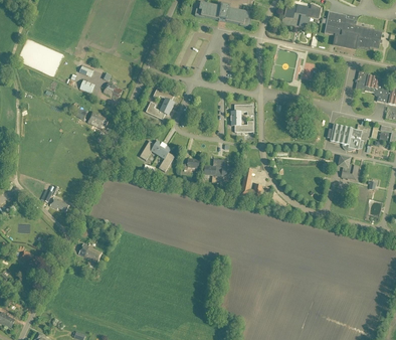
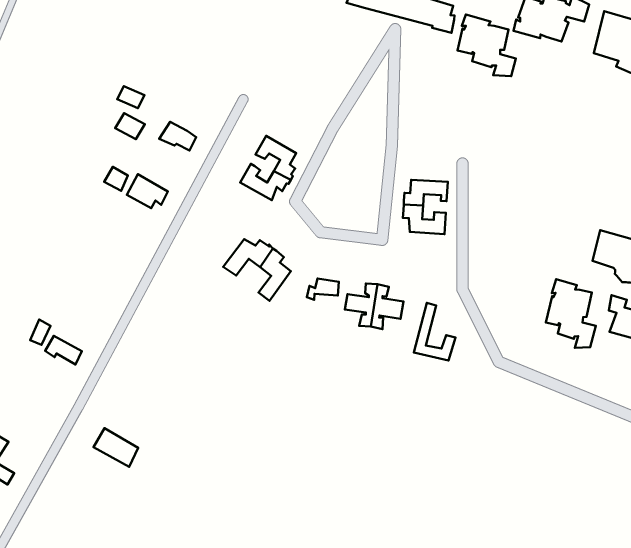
building: none -> [457,14,516,76]
building: none -> [546,279,596,348]

